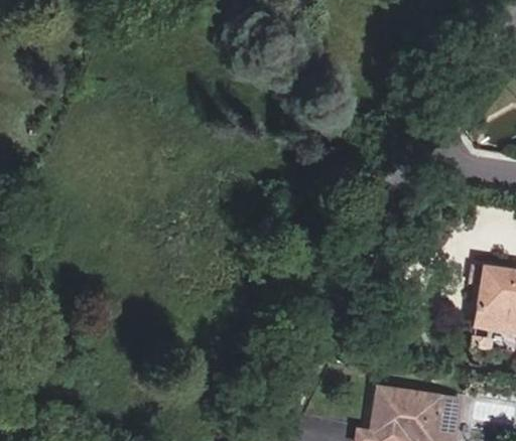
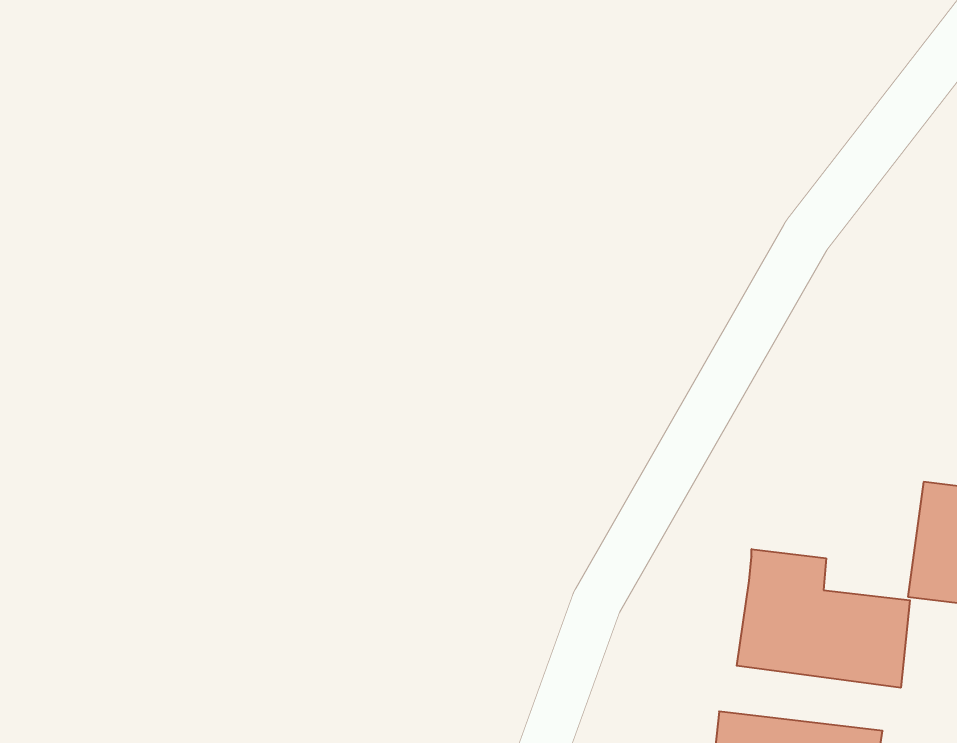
building: none -> [737,549,910,688]

